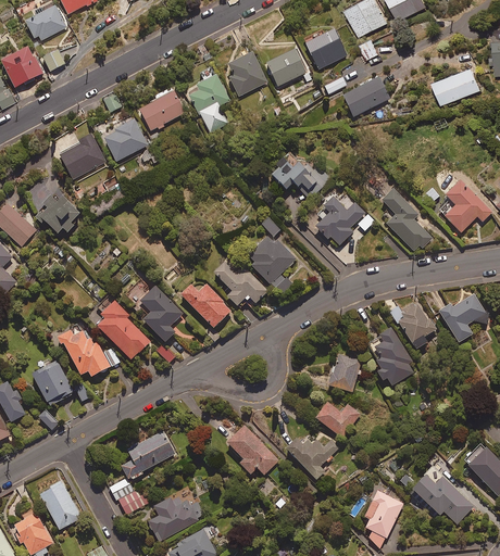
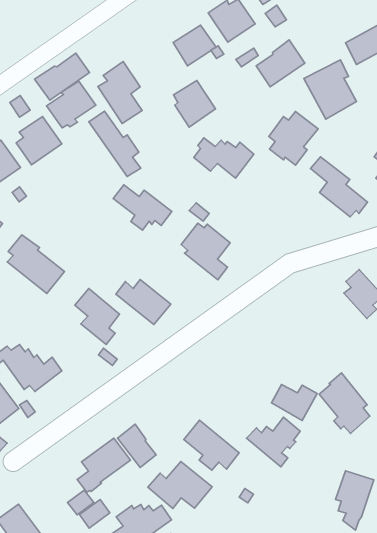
building: [228,52,266,96] -> [174,81,215,127]
building: none -> [35,53,90,100]
building: none -> [304,60,357,119]
building: none -> [89,111,141,176]
building: [316,193,365,244] -> [269,111,318,165]
building: [213,260,267,305] -> [113,185,172,230]
building: [97,301,150,359] -> [7,235,64,293]
building: [367,327,413,386] -> [319,373,370,433]
building: [328,353,362,392] -> none
building: none -> [118,424,156,468]
building: none -> [148,461,212,508]

